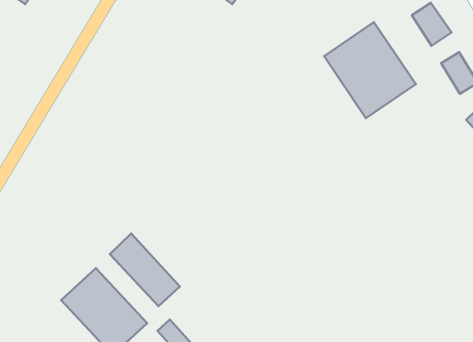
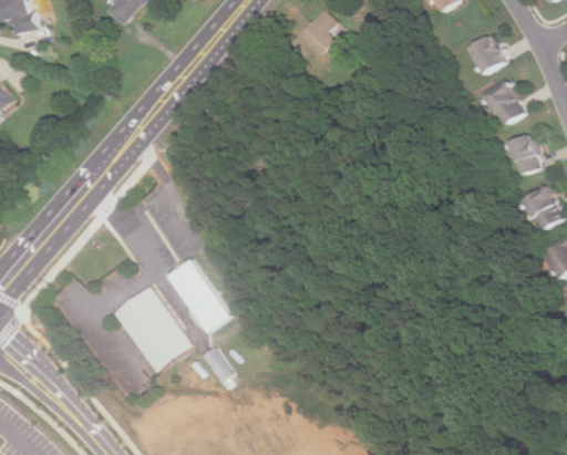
building: [324,22,416,118] -> none

